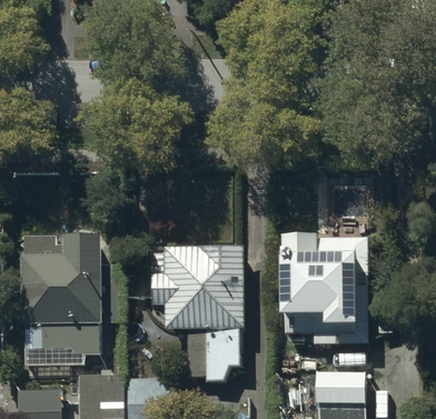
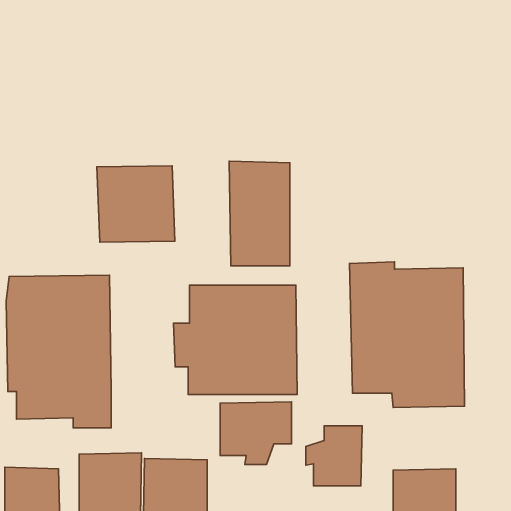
building: none -> [229,161,290,266]
building: none -> [97,166,175,242]
building: none -> [306,426,362,486]

